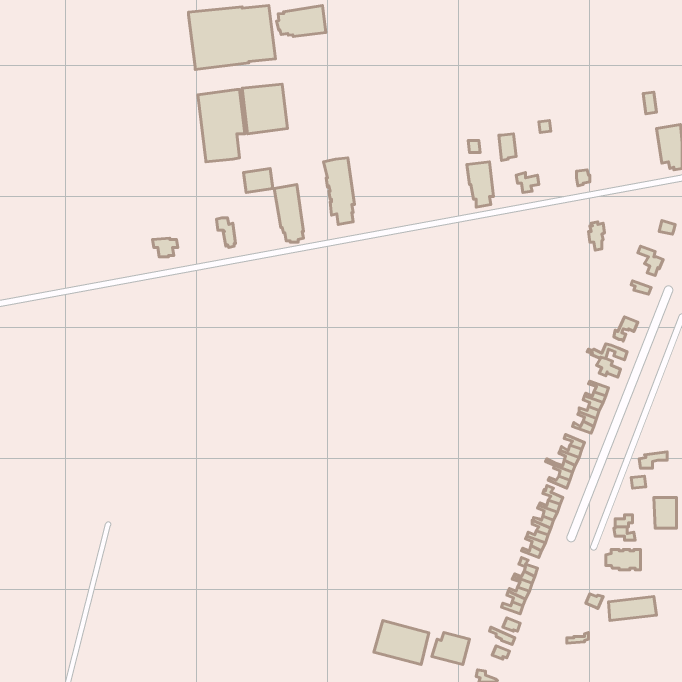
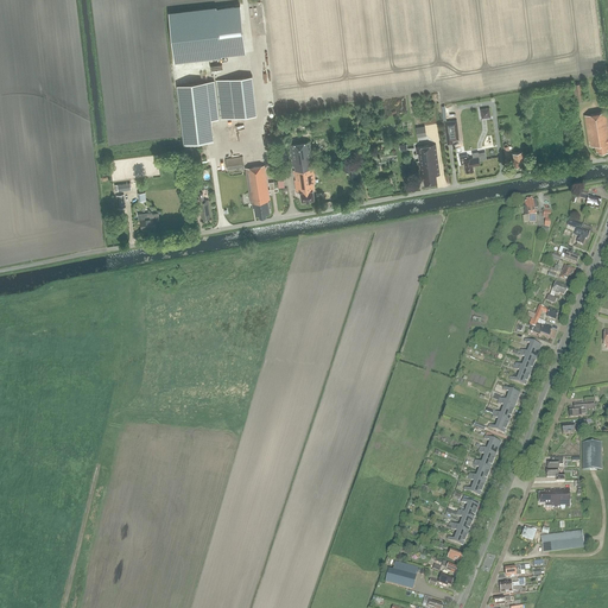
building: [277,6,326,36] -> none
building: [374,620,429,665] -> none

